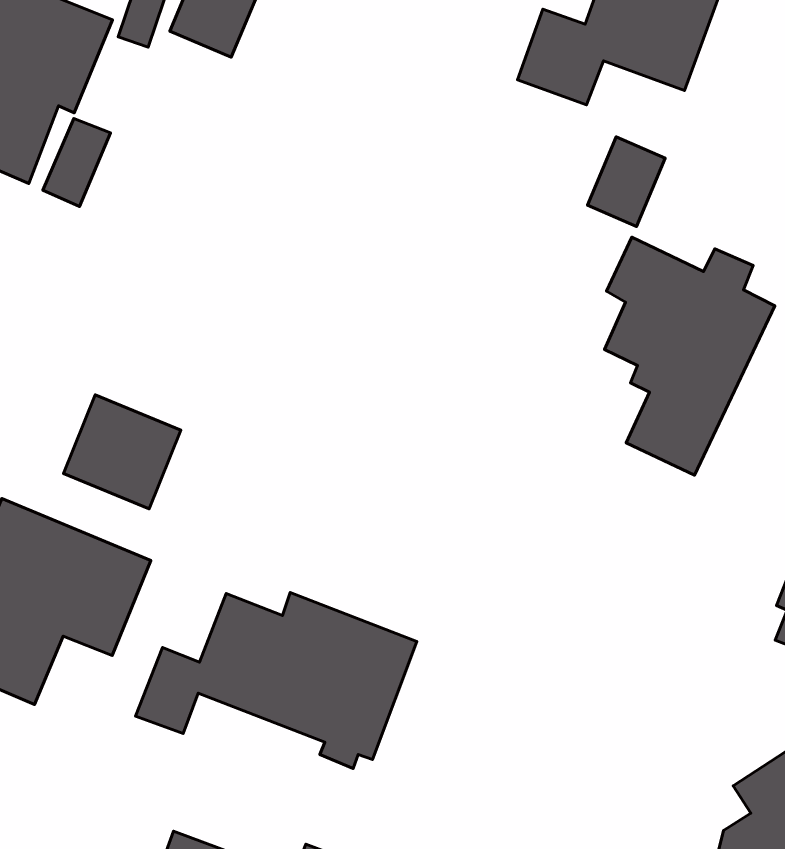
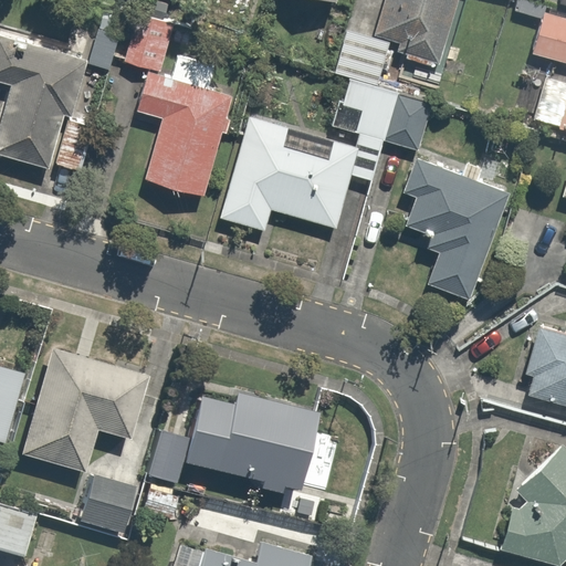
building: none -> [120,52,240,197]
building: none -> [219,78,398,233]
building: [63,395,181,509] -> none
building: none -> [78,476,135,537]

